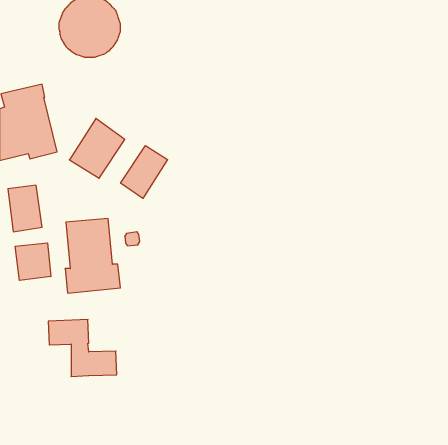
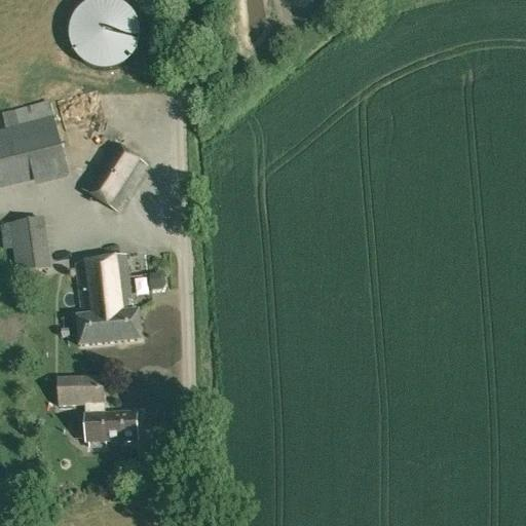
building: [121,146,168,198] -> none
building: [15,243,51,280] -> none

